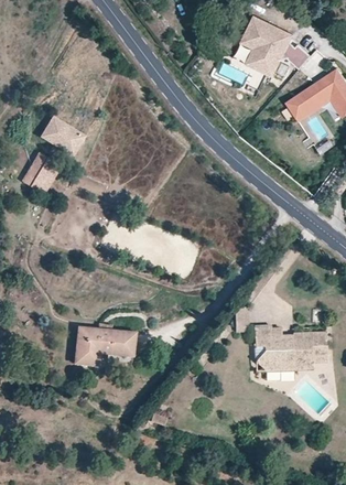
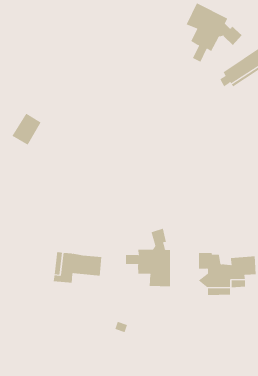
building: [41,115,86,155] -> none
building: none -> [125,228,171,287]

